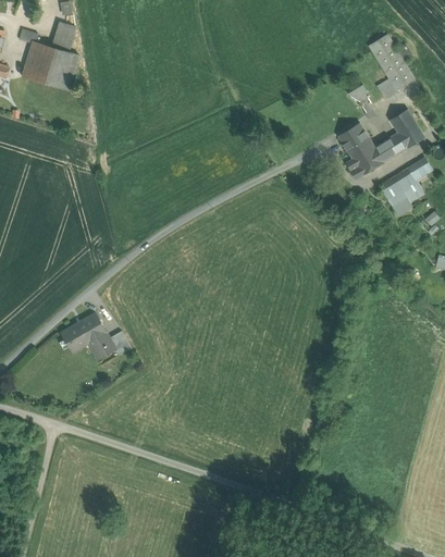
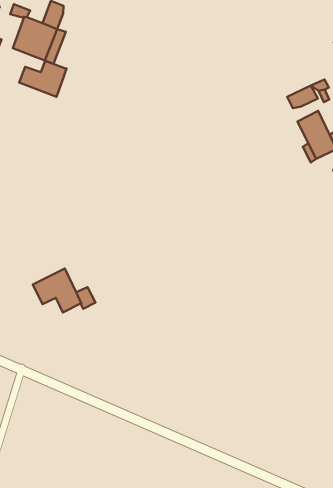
building: none -> [19,61,67,97]
building: none -> [287,85,318,108]

